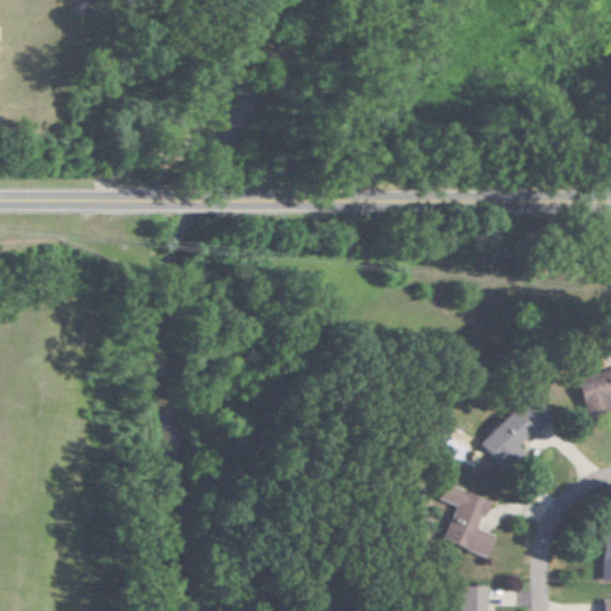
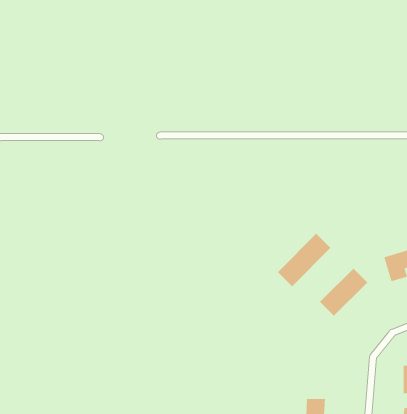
building: none -> [277,233,331,287]
building: [440,485,496,557] -> none

